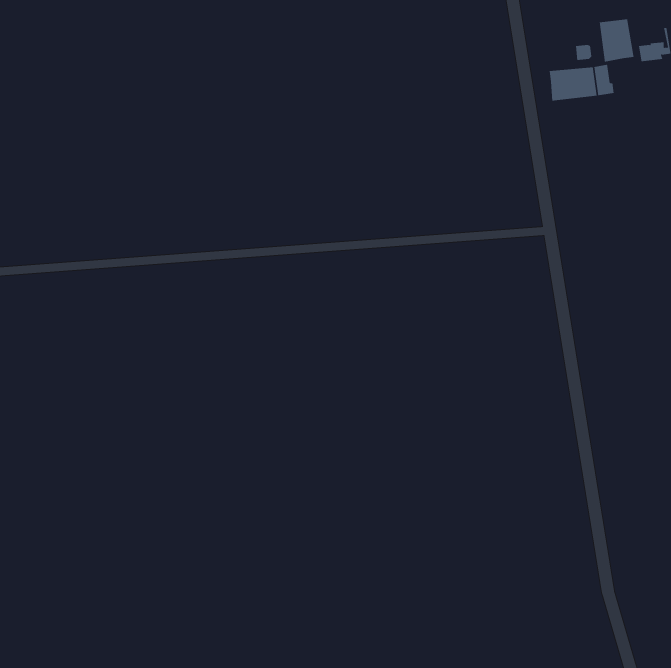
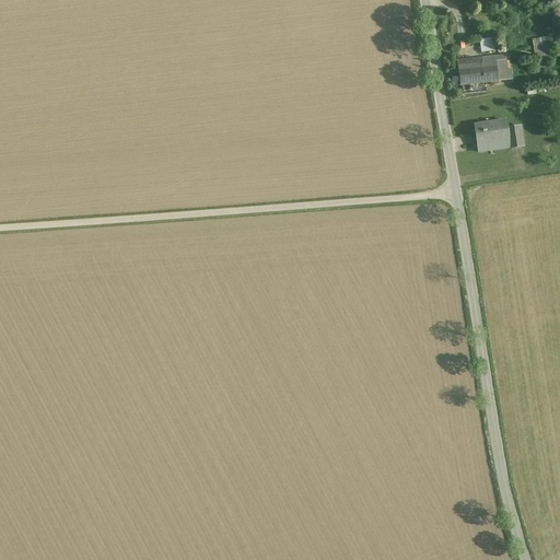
building: [599,18,634,62] -> none
building: none -> [475,118,510,143]

